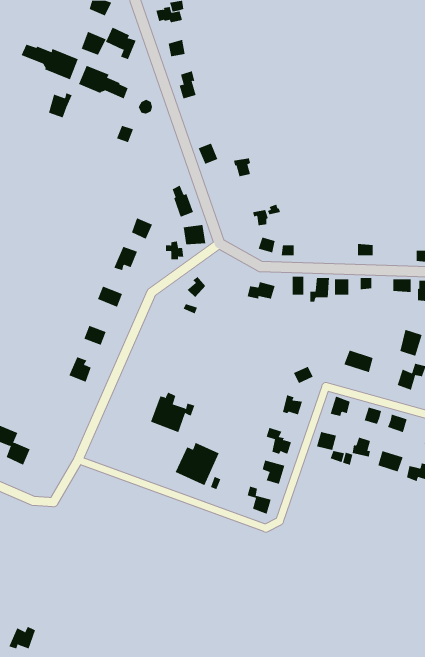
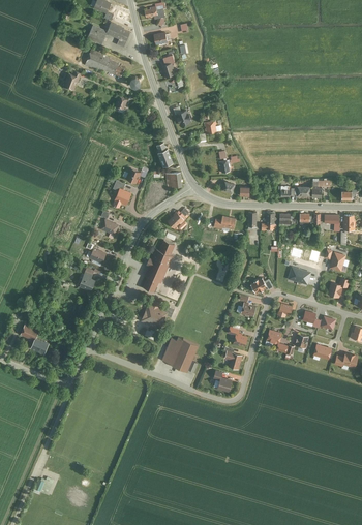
building: [21,44,78,80] -> none
building: none -> [142,241,172,290]

